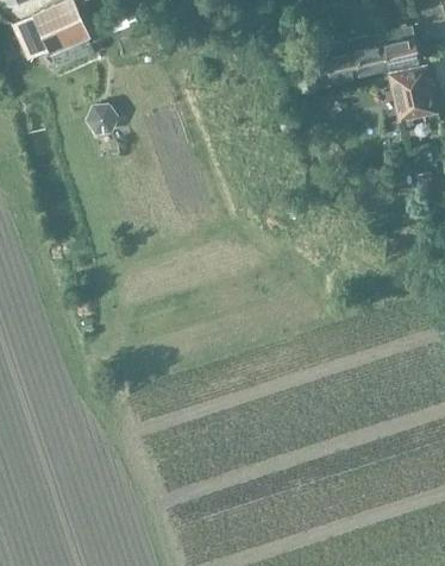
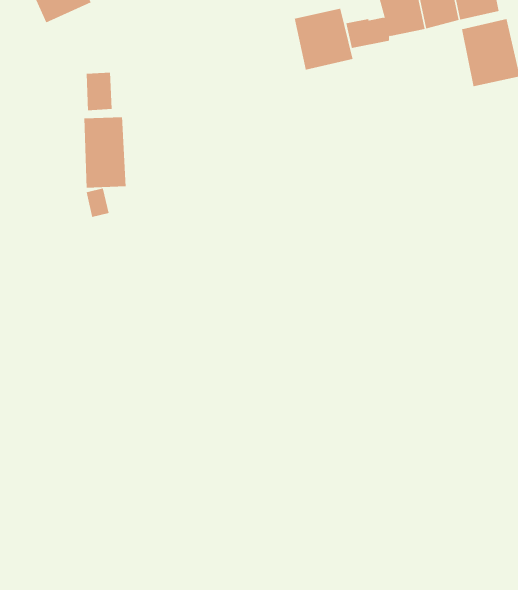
building: none -> [294,8,353,70]
building: none -> [84,117,126,189]

